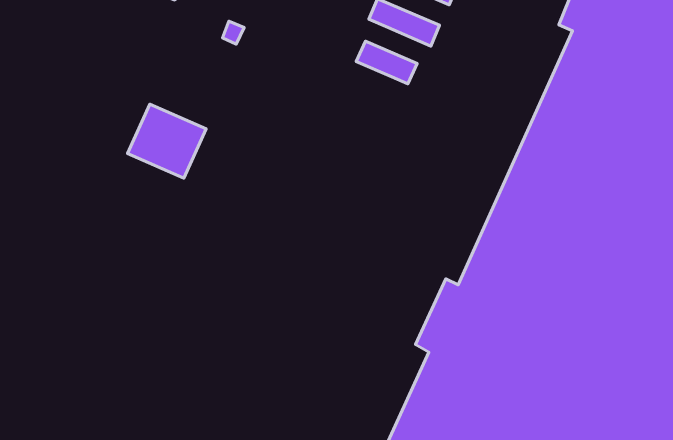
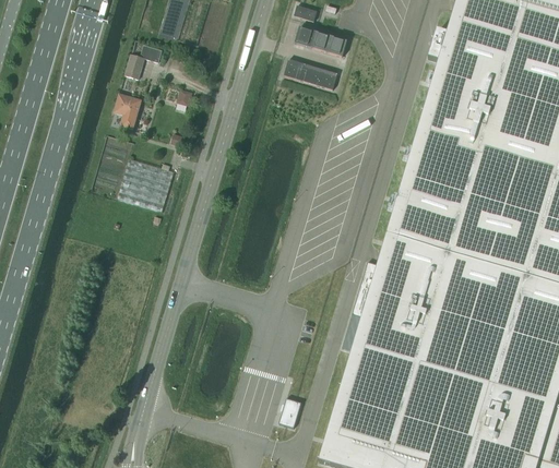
building: none -> [118,94,142,129]
building: [356,41,417,84] -> none

